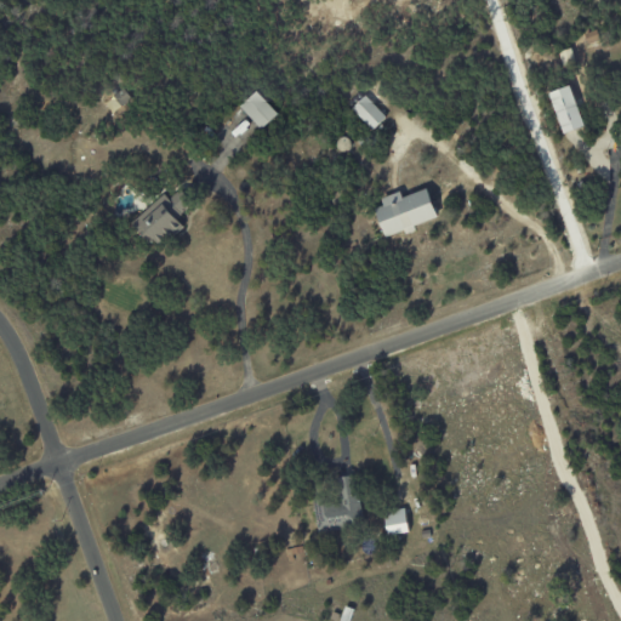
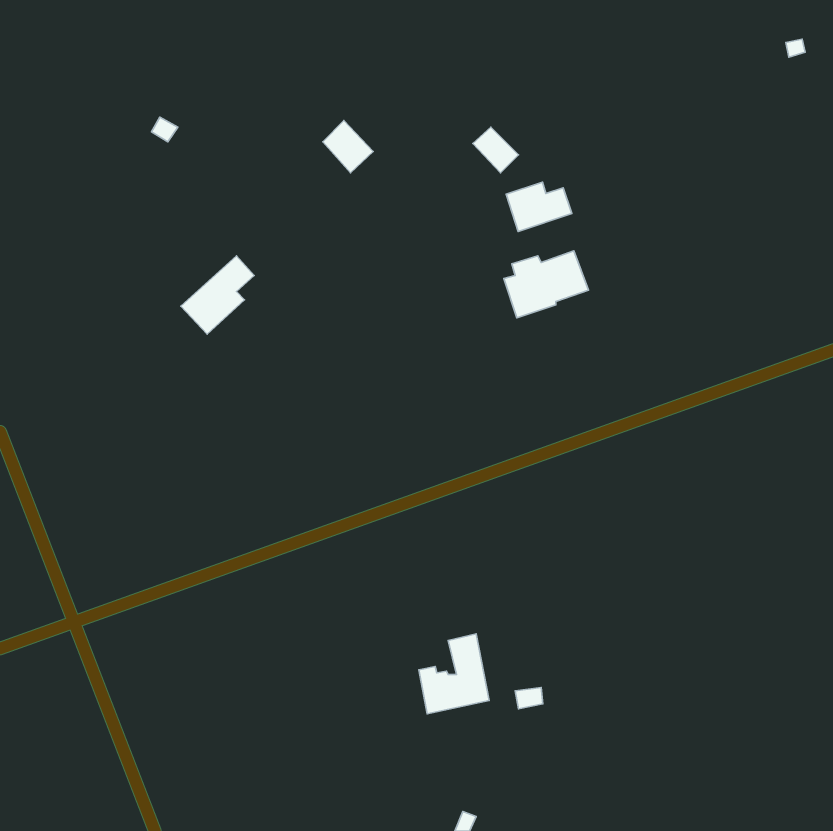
building: [548,84,585,132] -> none
building: none -> [506,182,572,231]

